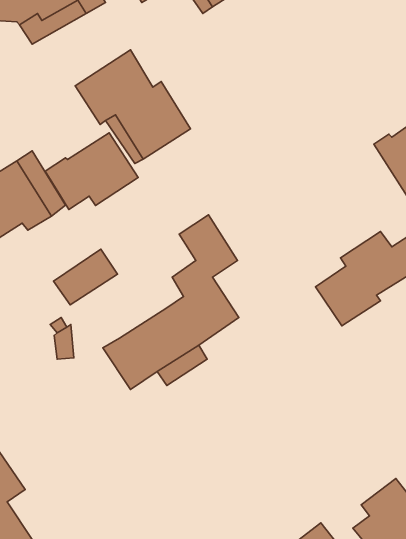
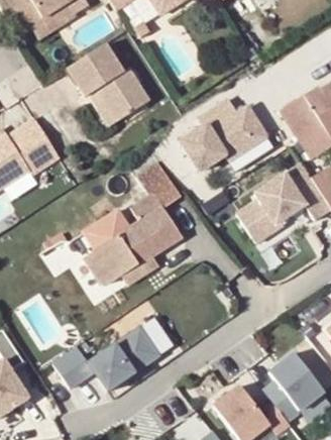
building: [45,133,138,210] -> none
building: none -> [173,105,259,177]
building: [54,249,117,305] -> [84,211,130,251]
building: none -> [56,327,162,391]

